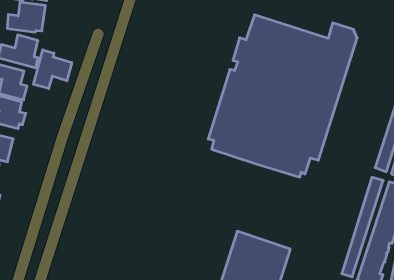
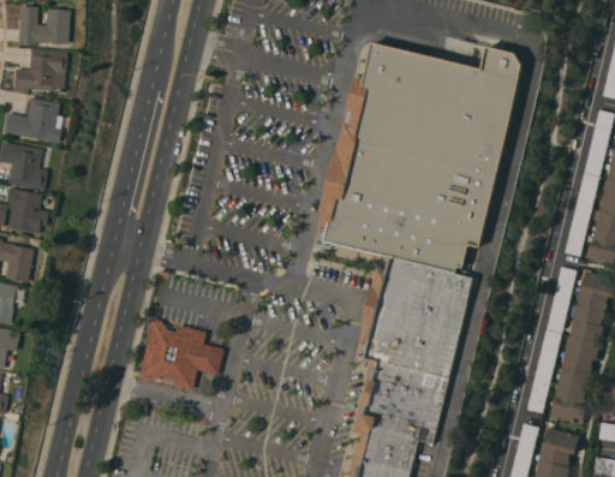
building: [33,50,72,89] -> none
building: none -> [357,260,477,380]
building: none -> [138,318,223,389]

